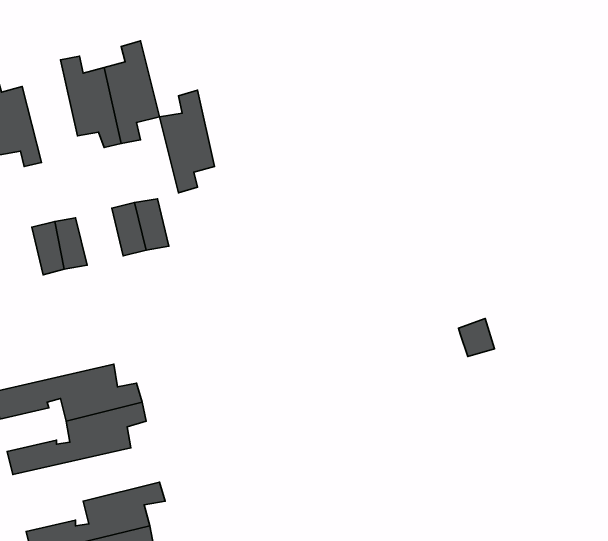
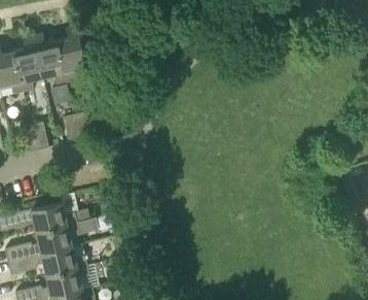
building: [159,90,215,193] -> [13,37,43,93]
building: none -> [8,244,87,276]

